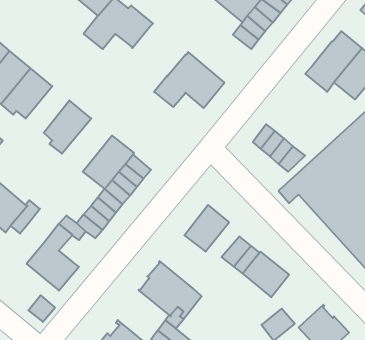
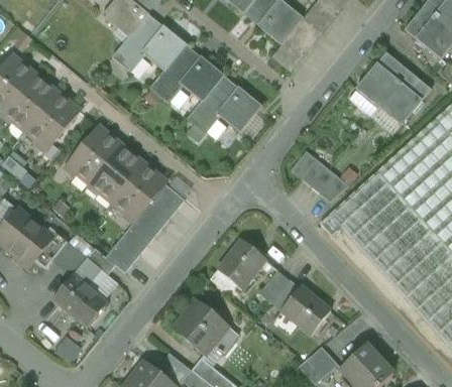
building: none -> [151,44,224,102]
building: none -> [90,145,143,202]
building: none -> [51,241,87,276]

